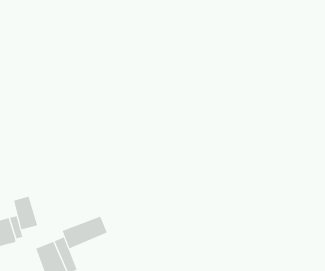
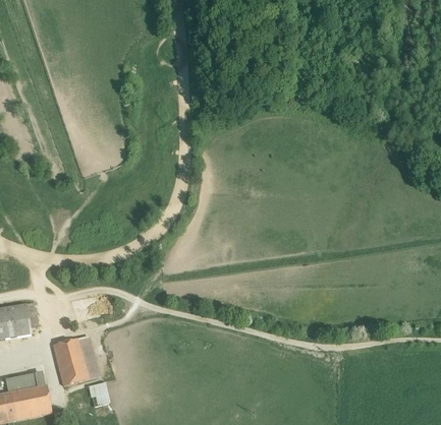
building: [14,196,38,230] -> none
building: [62,216,107,249] -> none

